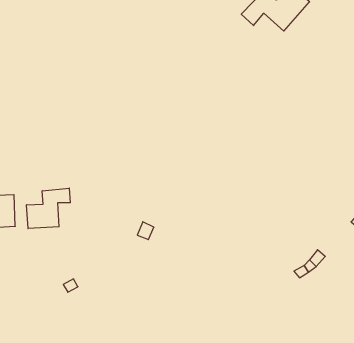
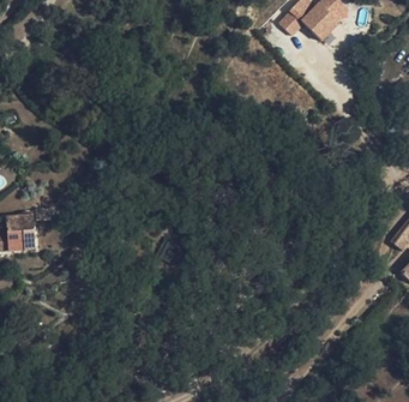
building: [27,188,70,229] -> none

